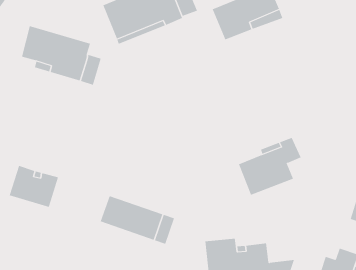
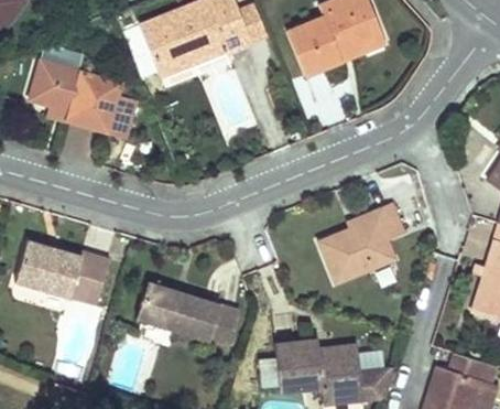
building: none -> [68,255,108,304]

